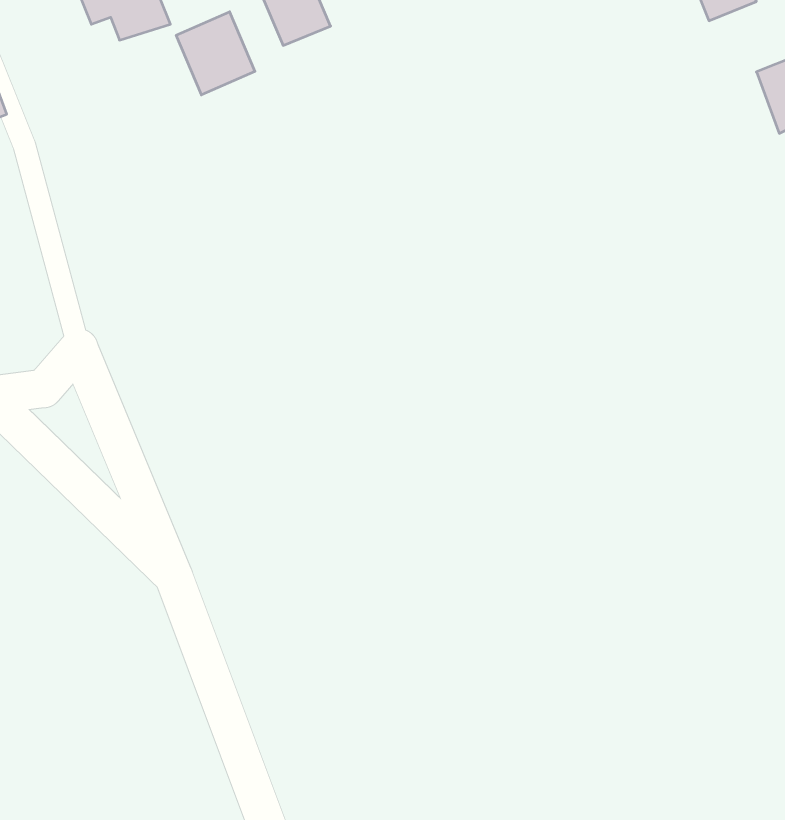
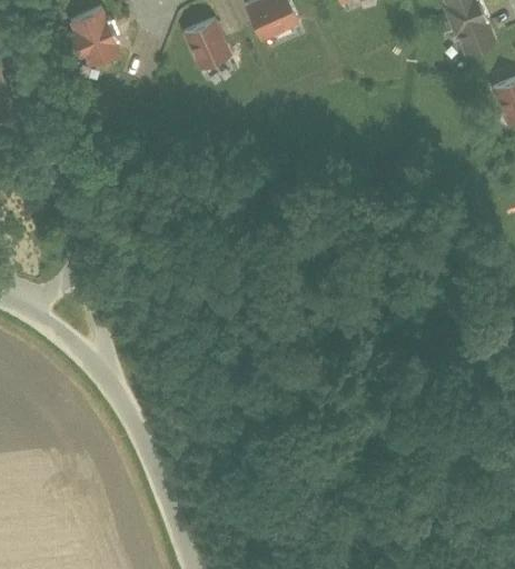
building: [176,12,255,95] -> none

